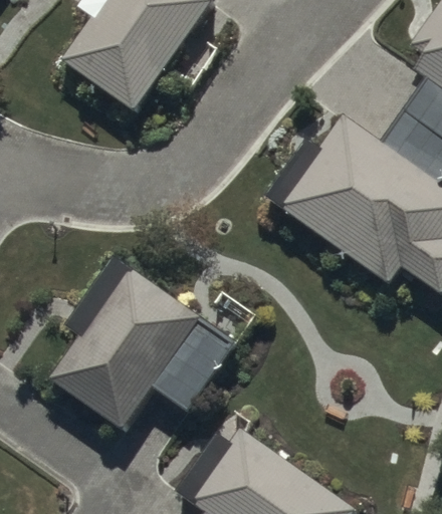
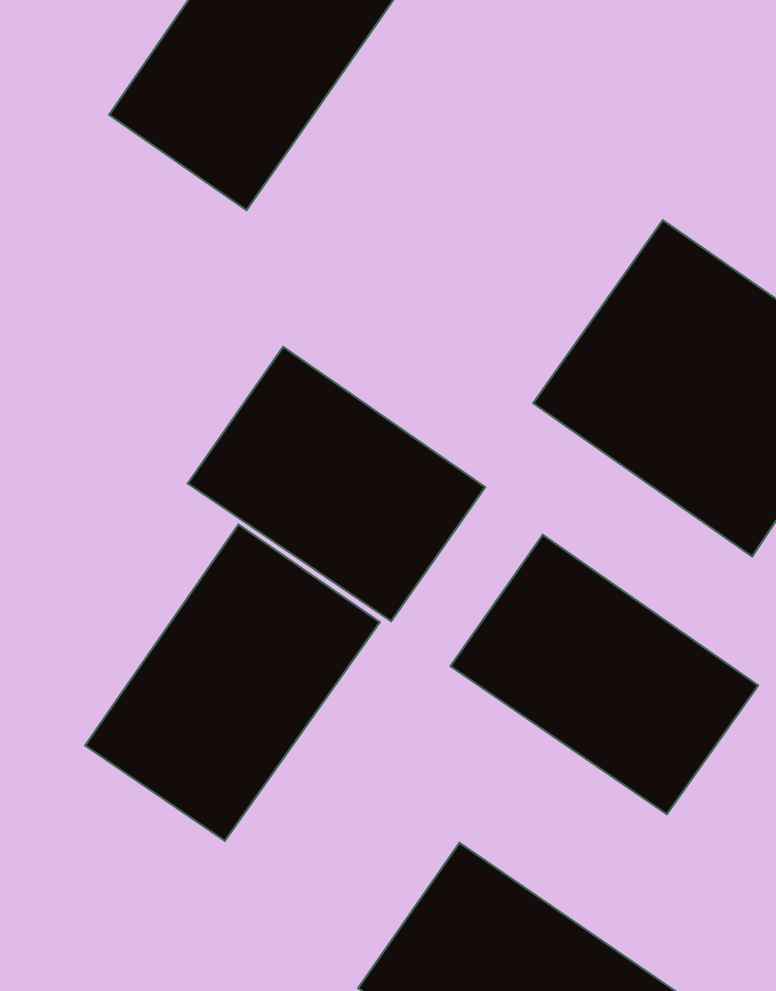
building: none -> [188,347,485,621]
building: none -> [451,535,758,814]

